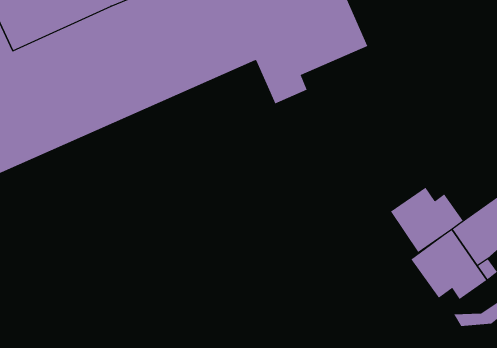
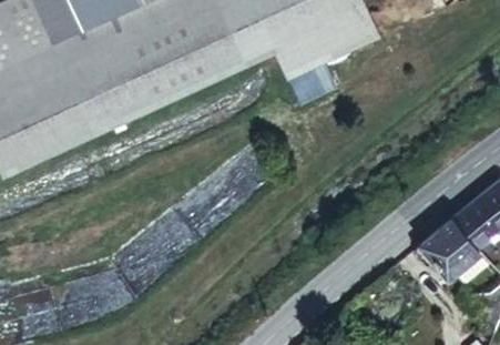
building: [390,187,463,253] -> none

